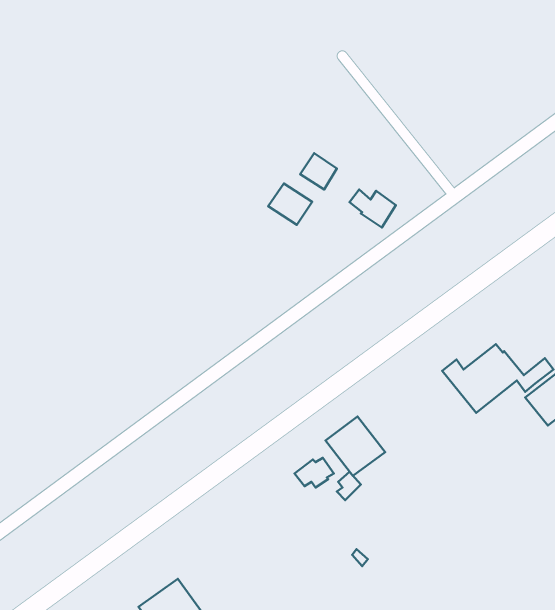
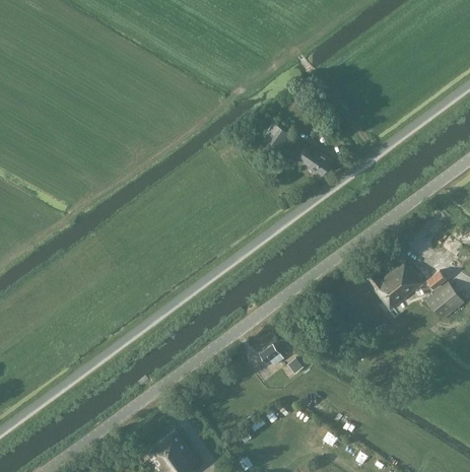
building: [268,183,312,225] -> none
building: [326,417,385,476] -> none

